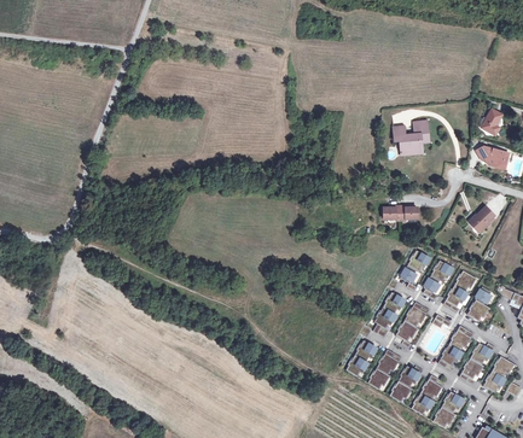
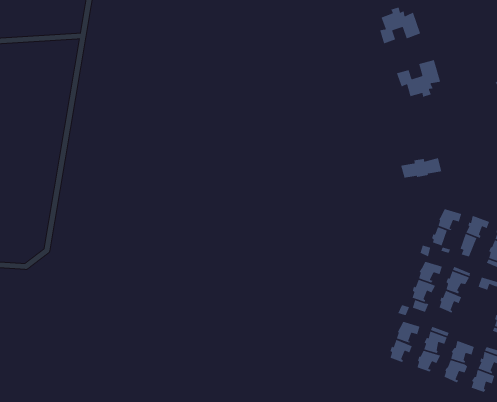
building: none -> [379,6,421,45]

